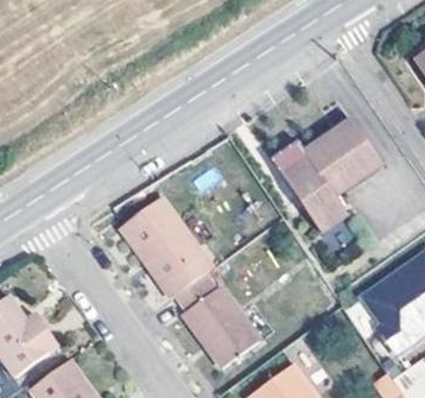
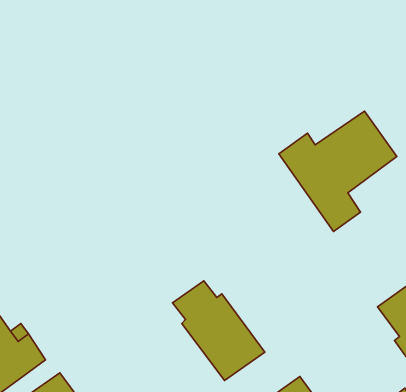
building: [121,198,212,298] -> none

